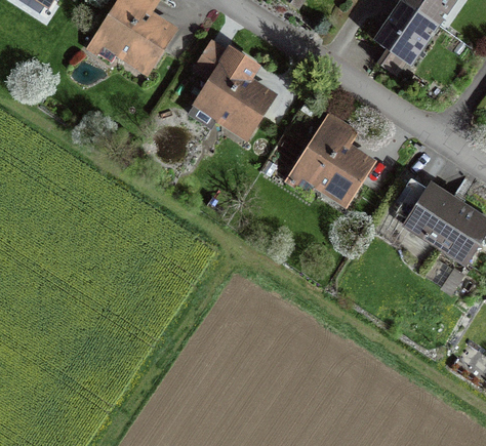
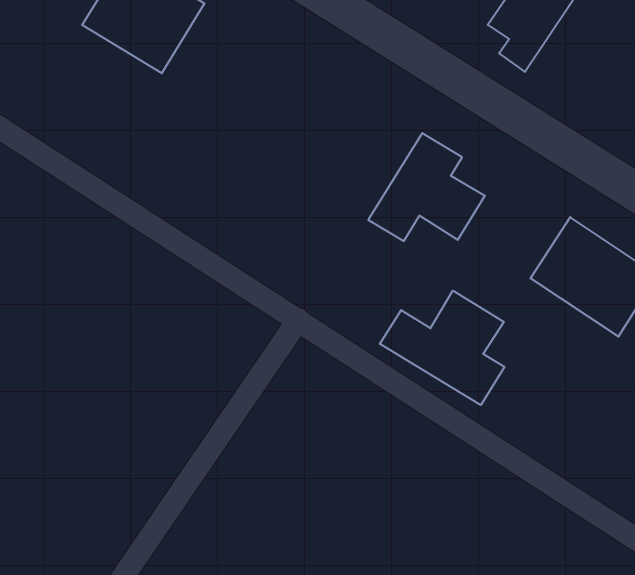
building: [191,38,273,129] -> none
building: none -> [380,291,505,405]

